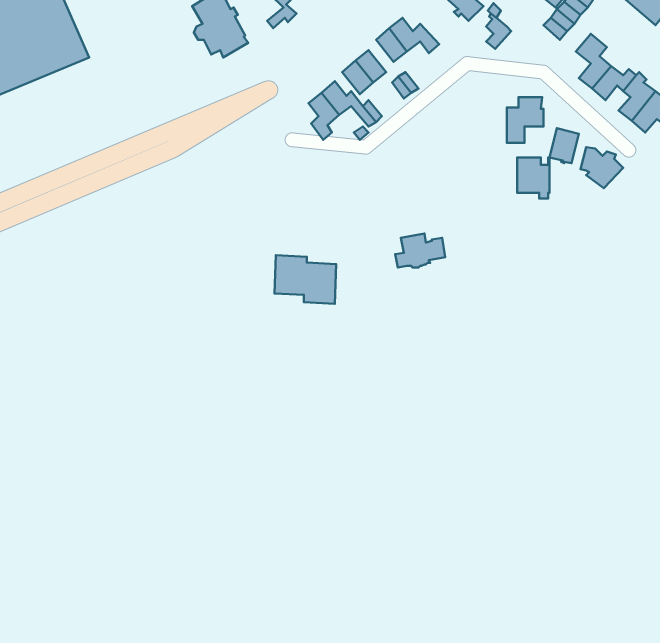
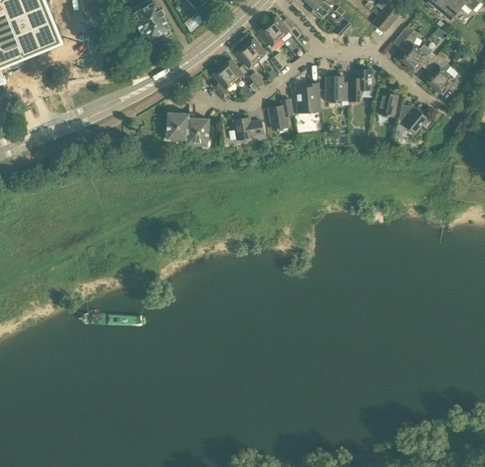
building: none -> [295,82,320,112]
building: none -> [268,98,292,129]
building: [517,157,550,199] -> [326,76,348,104]
building: [395,234,445,267] -> [229,116,263,140]
building: [275,255,336,304] -> [167,111,209,145]

